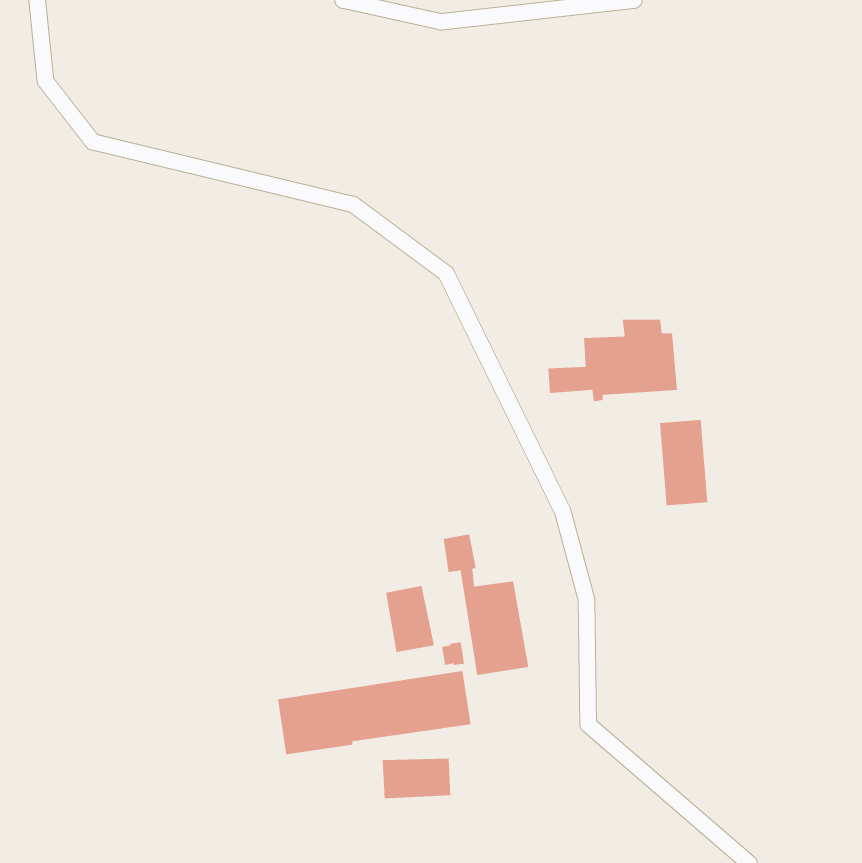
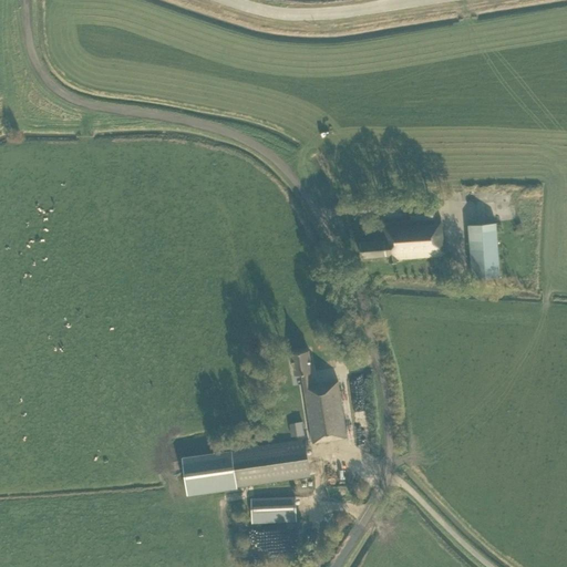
building: [659,420,708,506] -> [467,223,499,279]
building: [385,585,434,653] -> none

